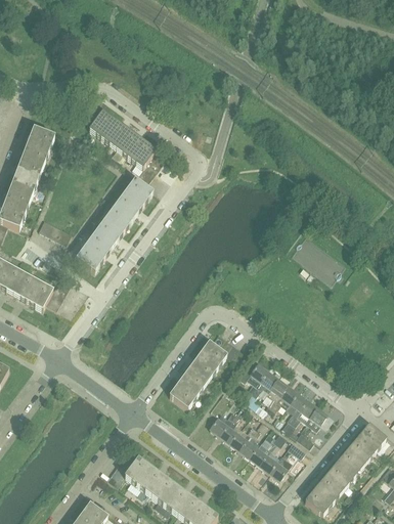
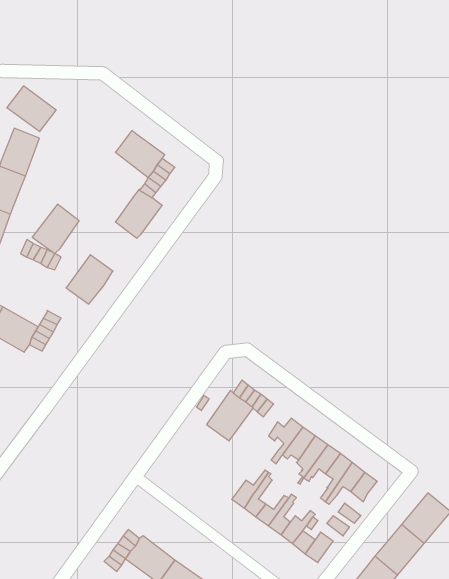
building: [89,110,129,146] -> [7,86,56,132]
building: [95,203,133,243] -> [32,204,79,254]
building: [169,366,208,407] -> none

